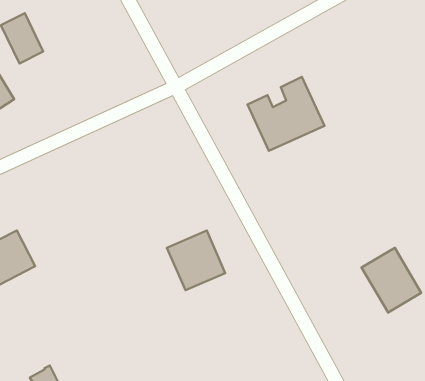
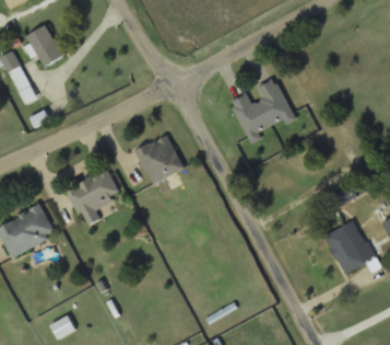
building: none -> [67,169,119,225]
building: [167,231,225,290] -> [135,134,184,183]

